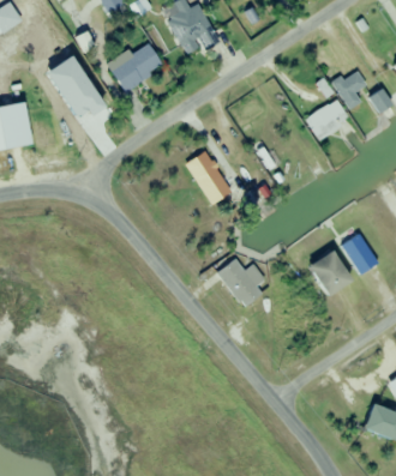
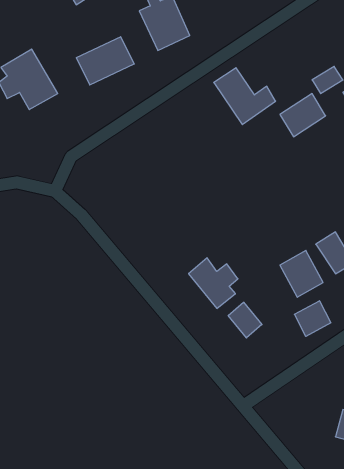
building: [187,150,247,205] -> [214,68,276,125]
building: none -> [294,301,331,336]
building: none -> [228,302,262,338]

